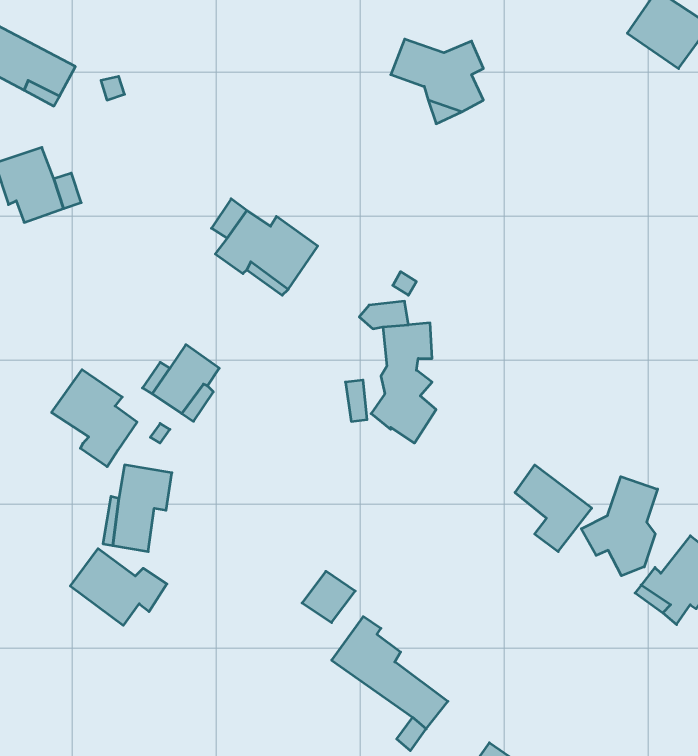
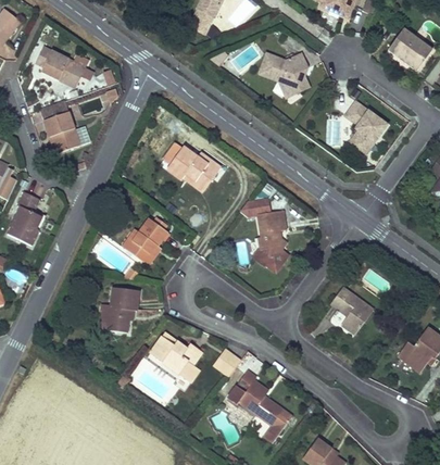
building: none -> [347,101,389,155]
building: [52,370,137,467] -> none
building: [581,477,658,576] -> none
building: [70,549,167,625] -> [148,331,201,374]

